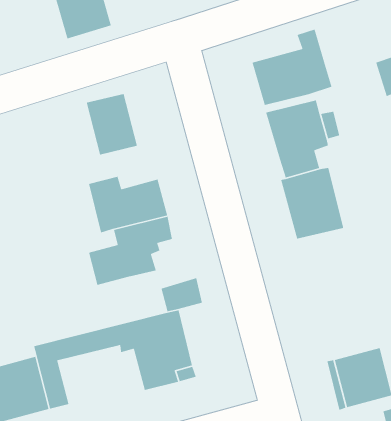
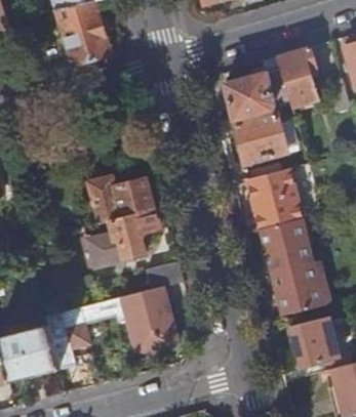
building: none -> [276,46,317,108]
building: [86,93,138,156] -> none
building: none -> [261,219,327,315]

